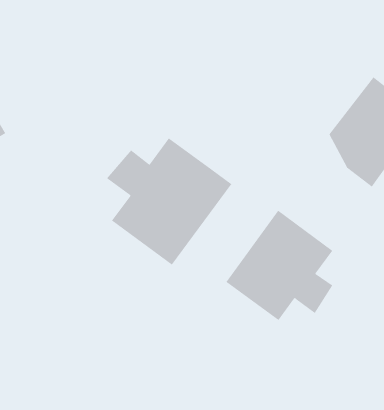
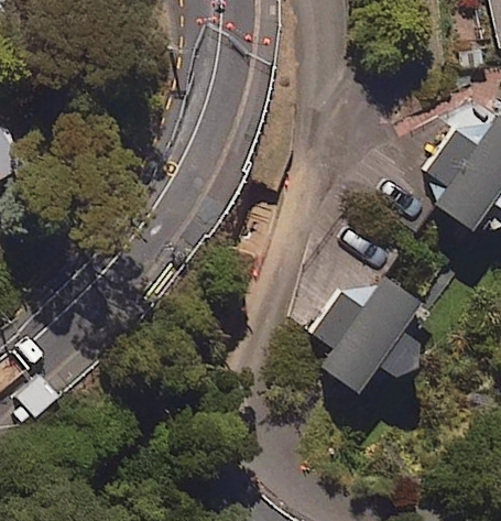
building: [106,138,232,266] -> none

